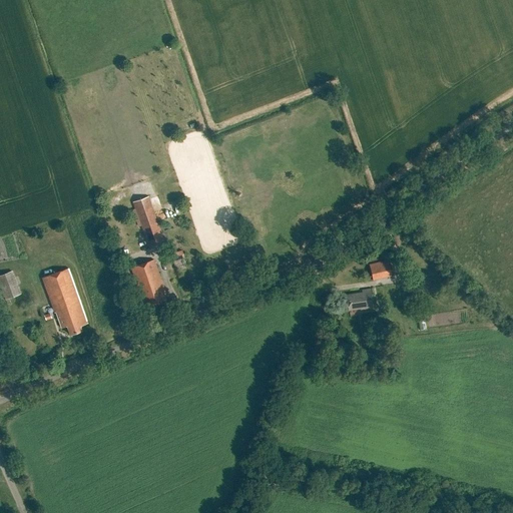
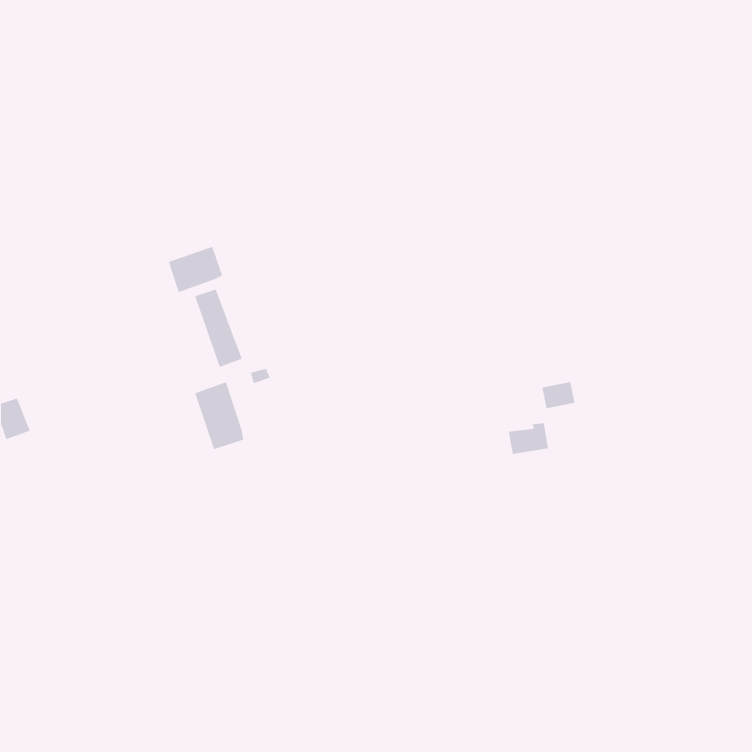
building: none -> [168,246,223,293]
building: [42,268,88,335] -> none

